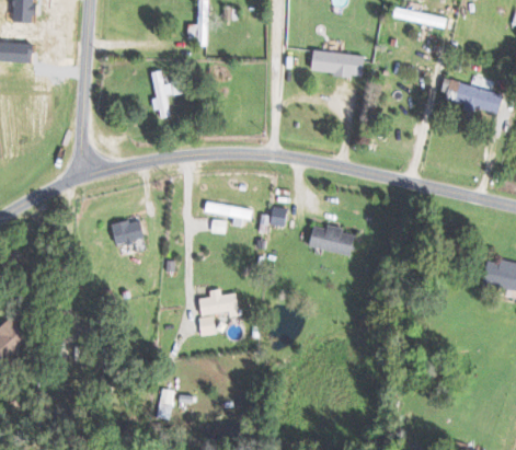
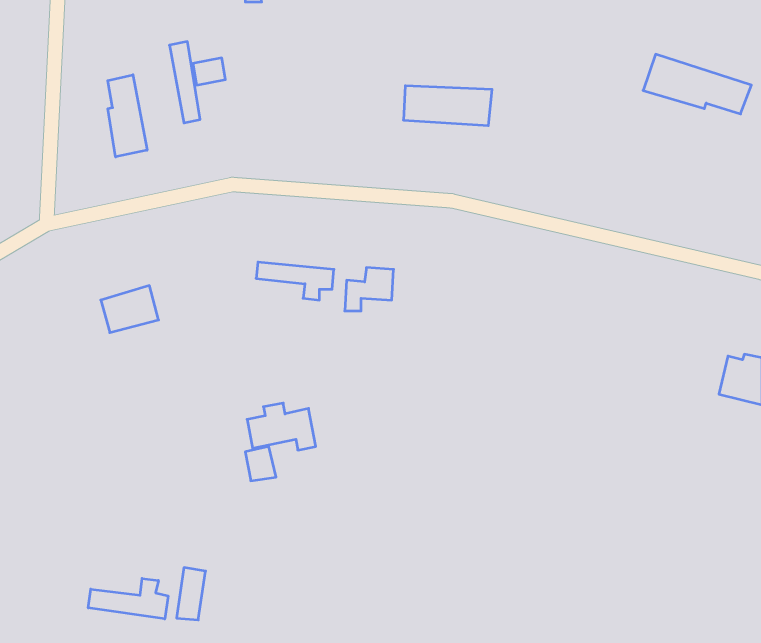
building: [311,51,365,76] -> [403,86,492,126]
building: none -> [108,75,147,157]
building: [309,224,355,254] -> none
building: none -> [88,578,168,619]

